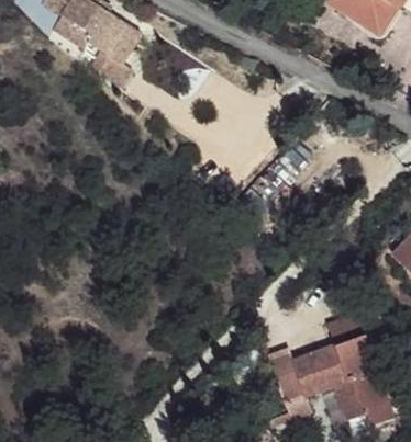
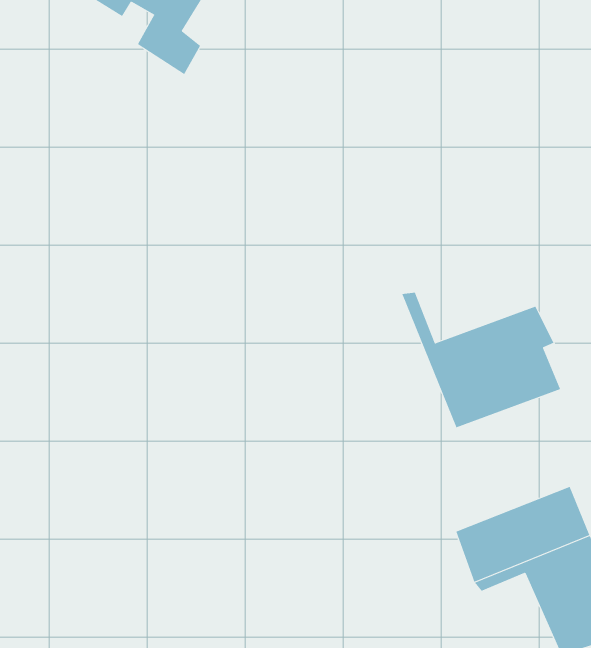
building: none -> [401,292,561,428]

